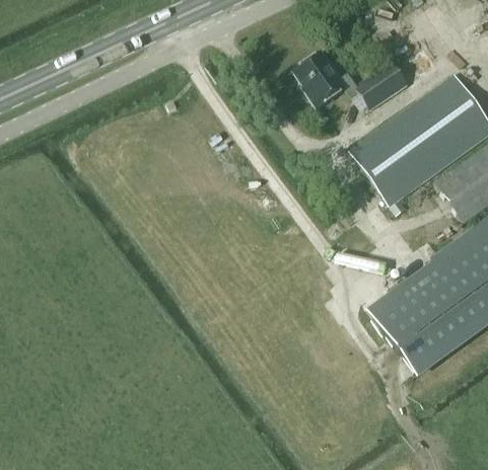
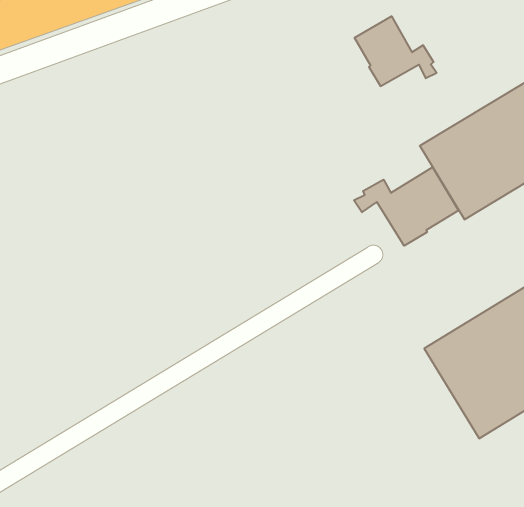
building: [354,61,408,109] -> none
building: none -> [354,167,459,246]

